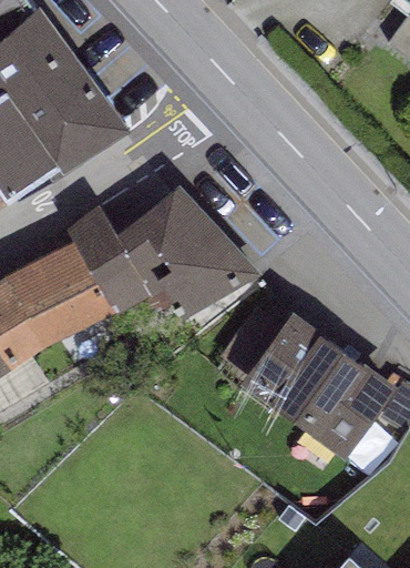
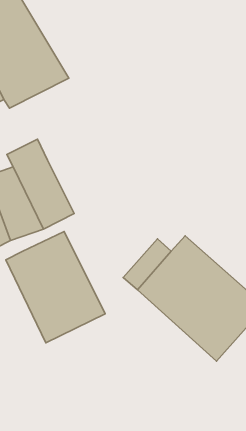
building: [113,184,258,326] -> none
building: none -> [6,231,105,343]

